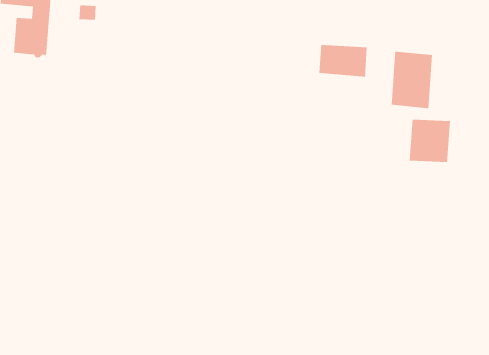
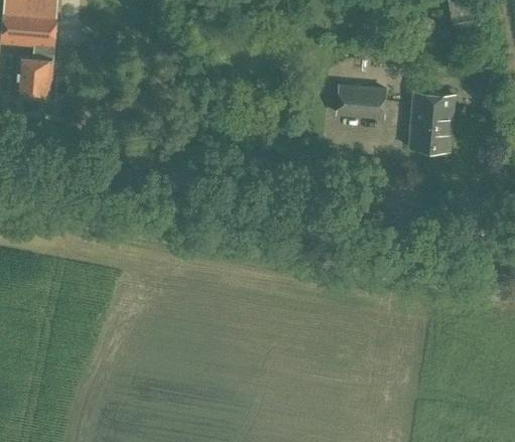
building: [409,119,450,163] -> none

